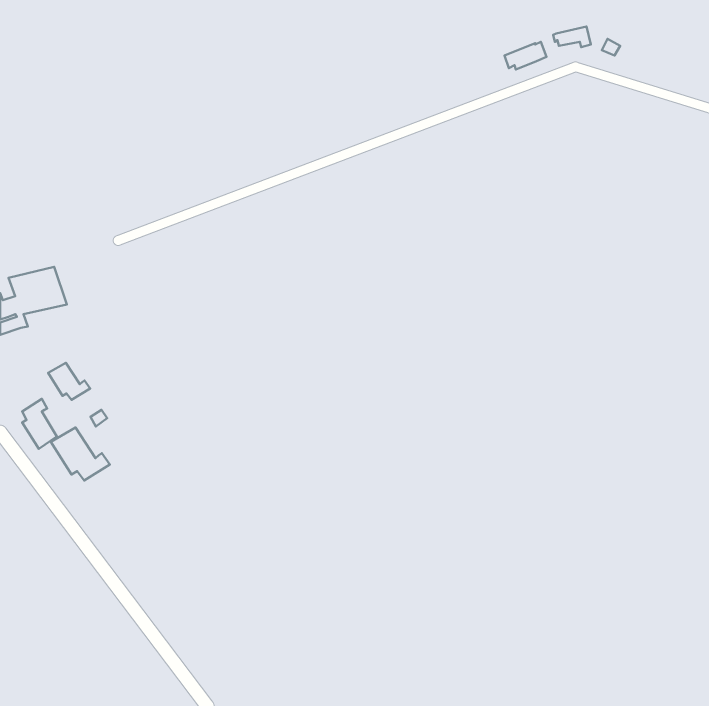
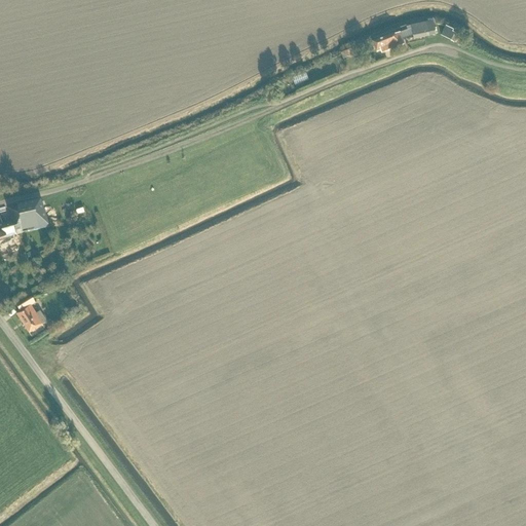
building: [48,363,90,400] -> none
building: [51,428,110,480] -> none

